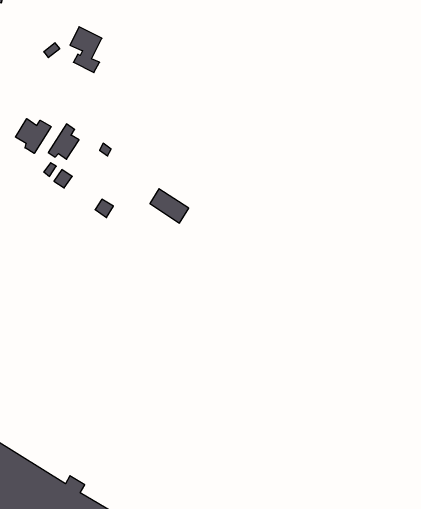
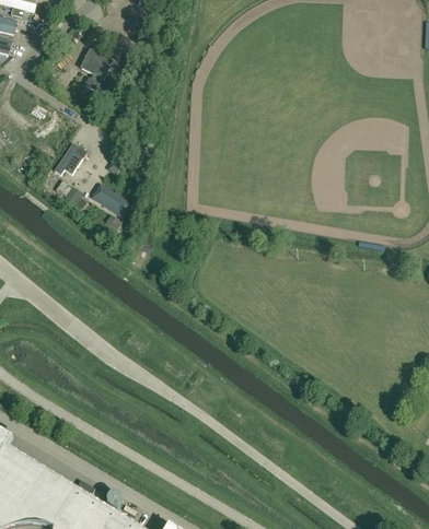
building: [15,119,51,153] -> none
building: [150,189,189,223] -> [96,184,134,216]

